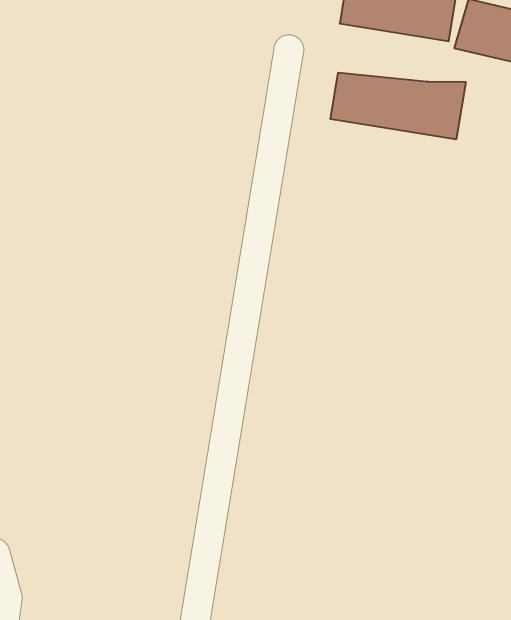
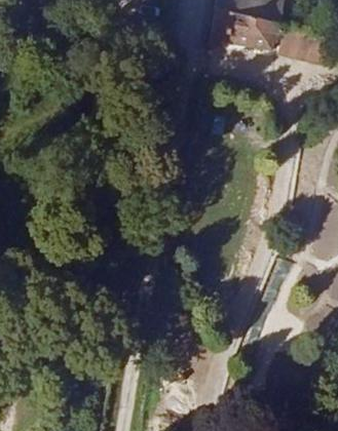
building: [330,73,466,139] -> none

